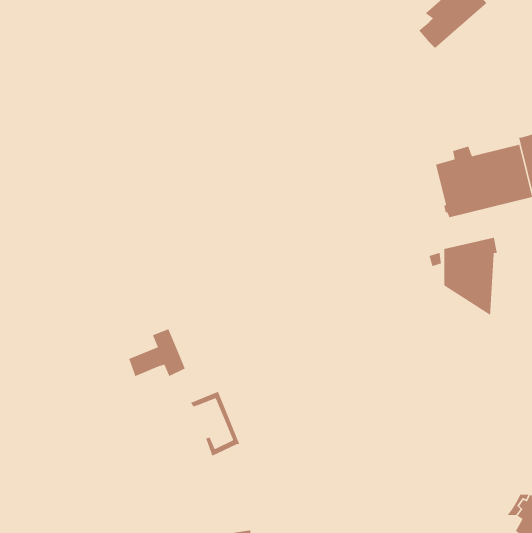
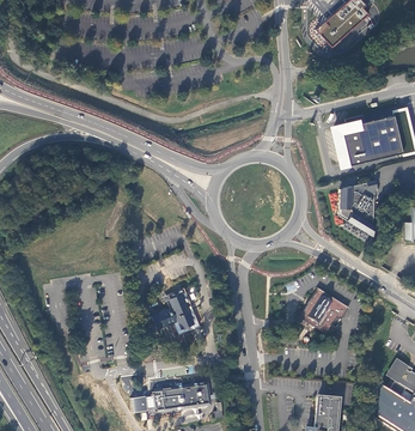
building: [128,328,186,377] -> [149,296,190,330]
building: none -> [299,289,349,338]

